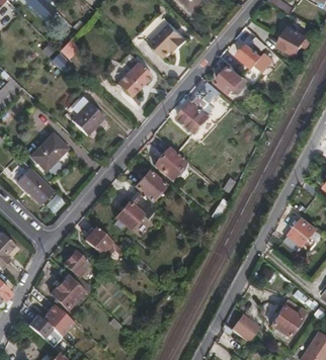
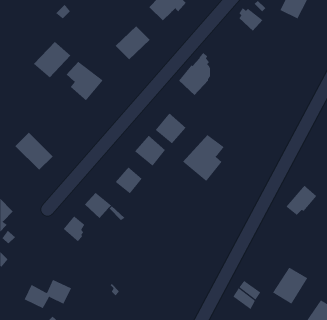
building: [216,64,247,92] -> none
building: [28,132,66,169] -> [33,41,71,78]
building: none -> [182,134,224,182]
building: [50,273,84,307] -> none

